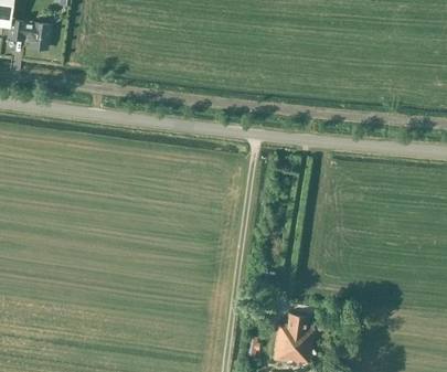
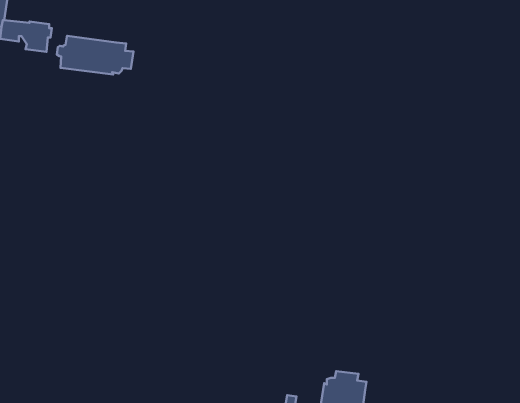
building: none -> [57,36,134,74]

